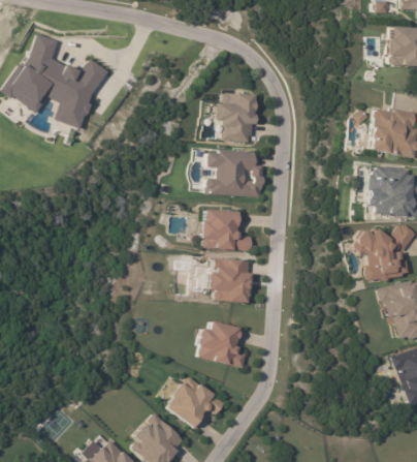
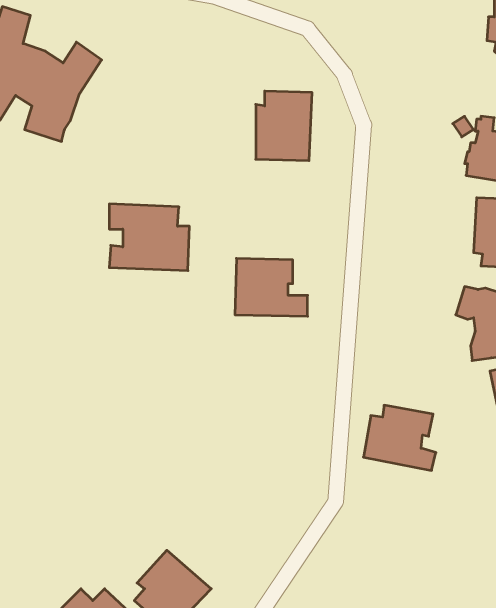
building: [208,150,264,196] -> [109,204,189,271]
building: [210,259,252,303] -> none
building: [197,321,248,367] -> [363,405,436,470]
building: [166,376,227,429] -> none

